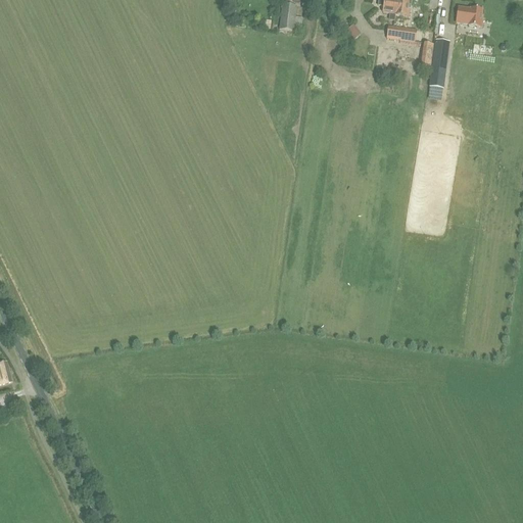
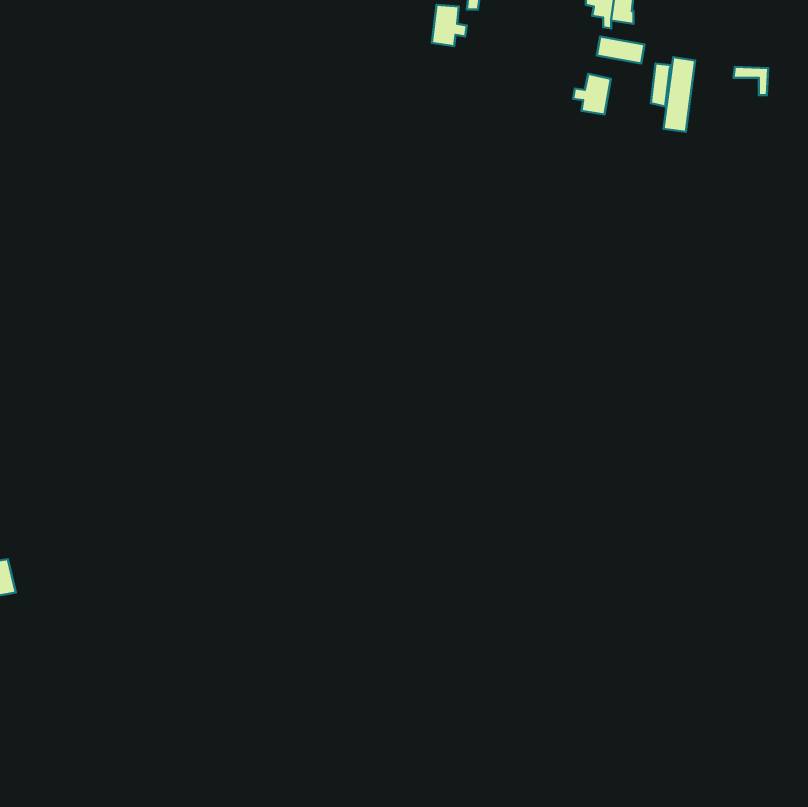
building: [455,5,481,26] -> none
building: none -> [573,74,611,114]

